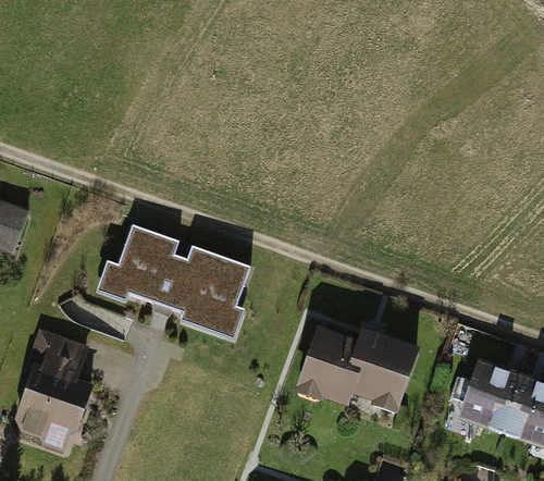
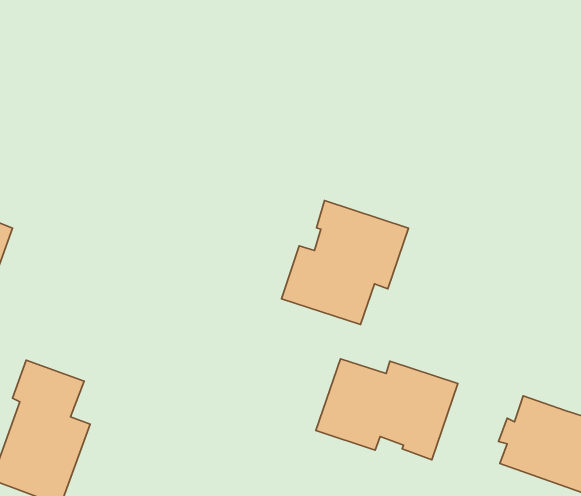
building: none -> [282,200,409,325]
building: [99,225,250,340] -> none

